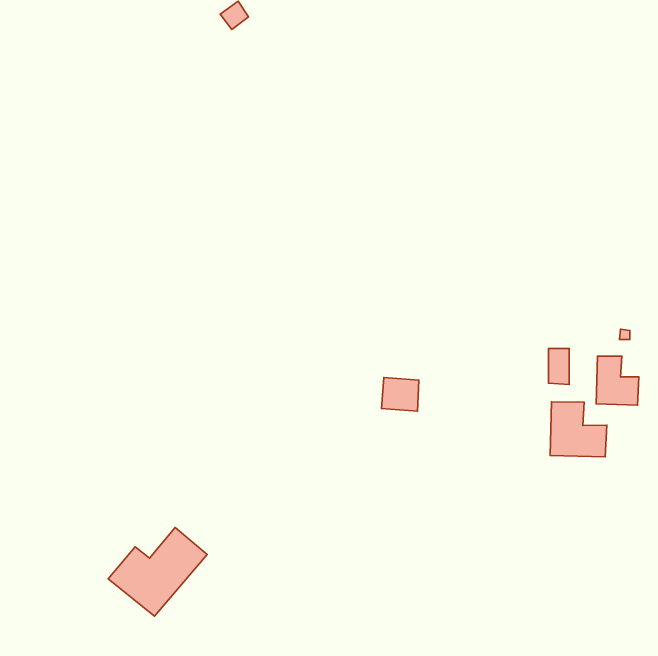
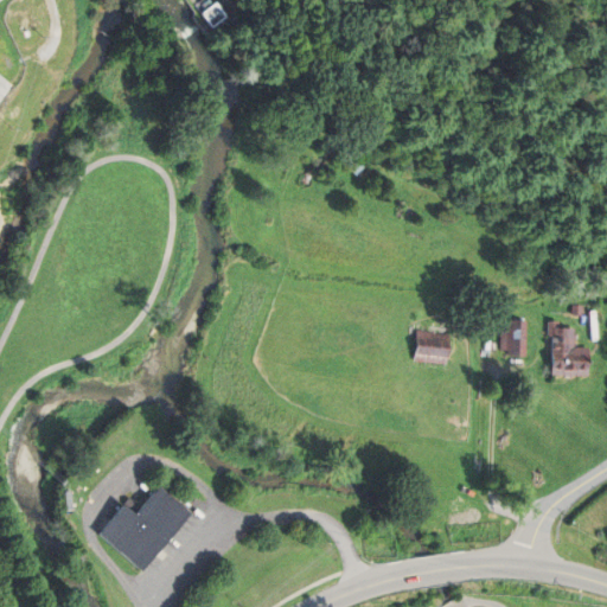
building: [381,378,419,411] -> [414,330,448,360]
building: [550,402,607,457] -> none

